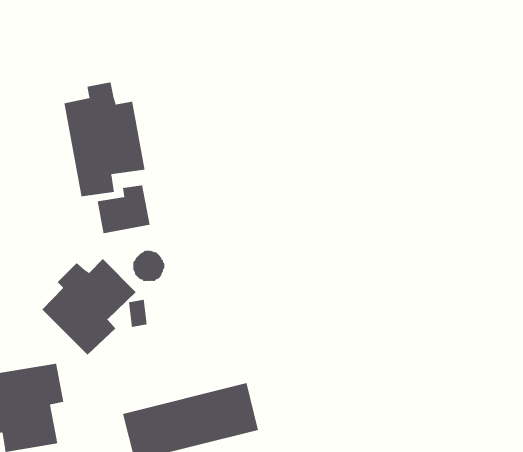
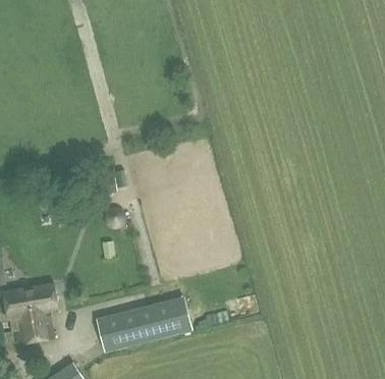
building: [64,81,145,197] -> none
building: [41,258,137,356] -> none

